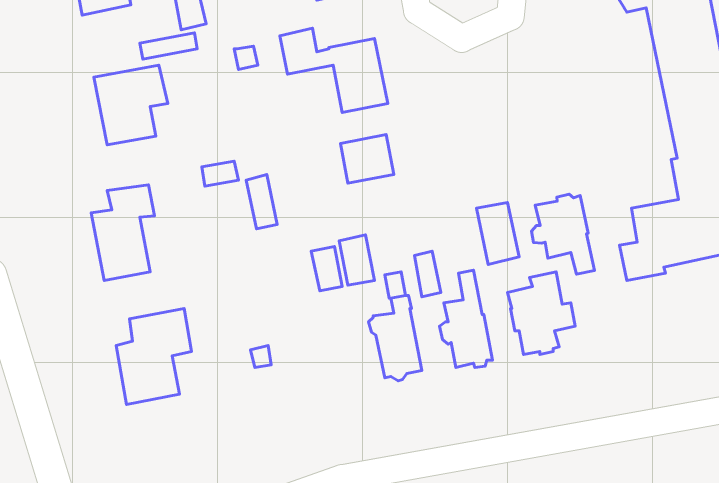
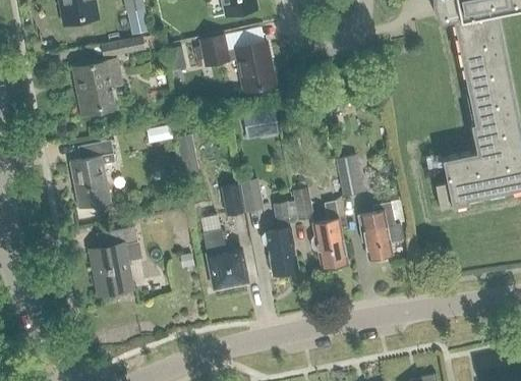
building: [531,194,594,274] -> none
building: none -> [205,230,248,288]

